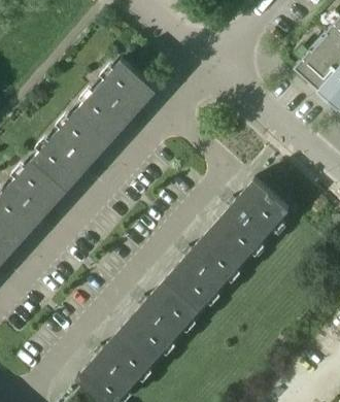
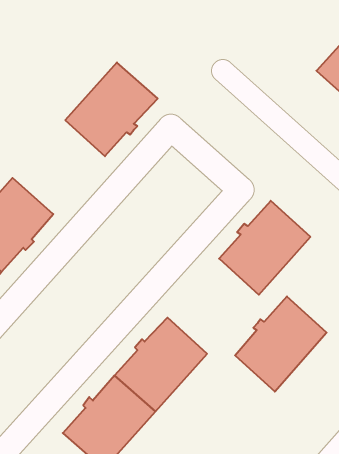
building: [32,109,111,190] -> none
building: [165,228,243,309] -> [235,296,327,392]

